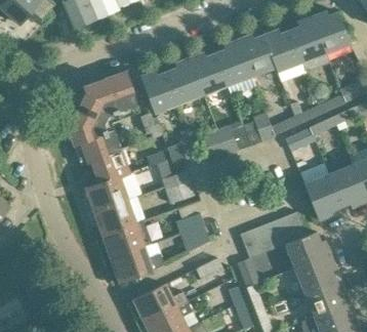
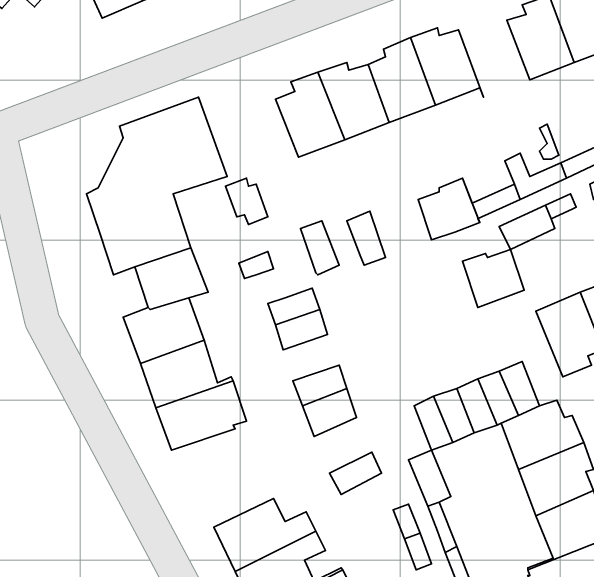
building: [263,29,305,82] -> none
building: [140,71,178,113] -> none
building: [216,125,249,156] -> [462,250,524,307]
building: [111,247,164,281] -> none

